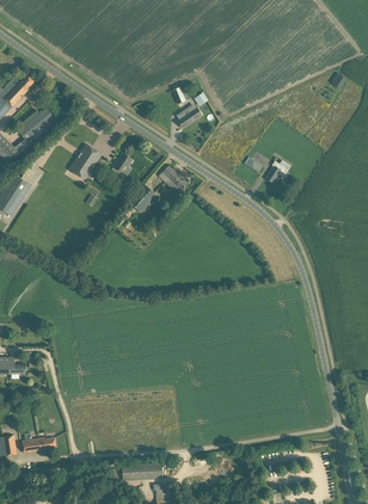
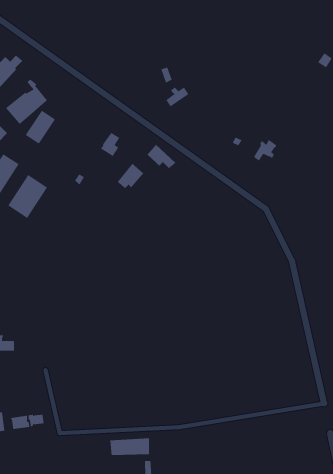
building: [69,145,100,179] -> [25,110,56,144]
building: none -> [8,174,48,219]

